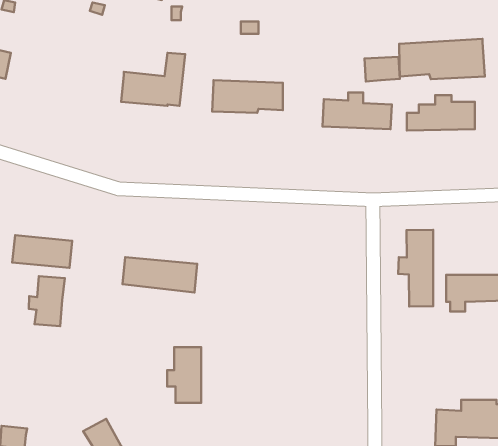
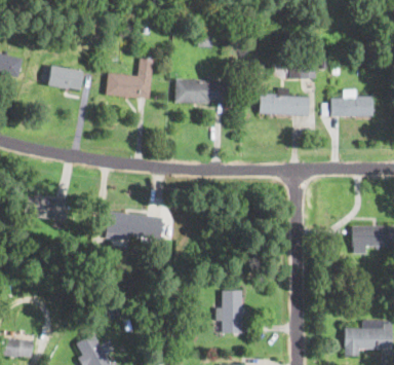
building: [399,39,485,79] -> none
building: none -> [48,66,85,93]
building: [398,230,433,306] -> none
building: [29,276,65,326] -> none
building: [167,347,201,403] -> [215,291,241,333]

